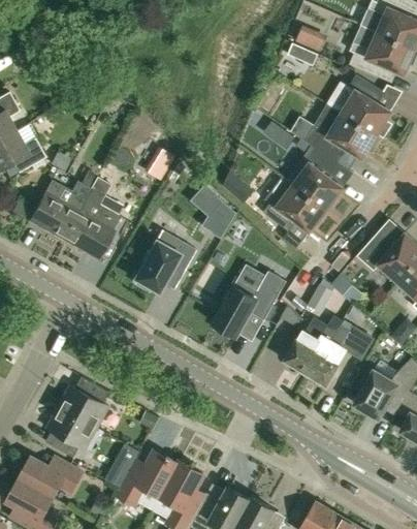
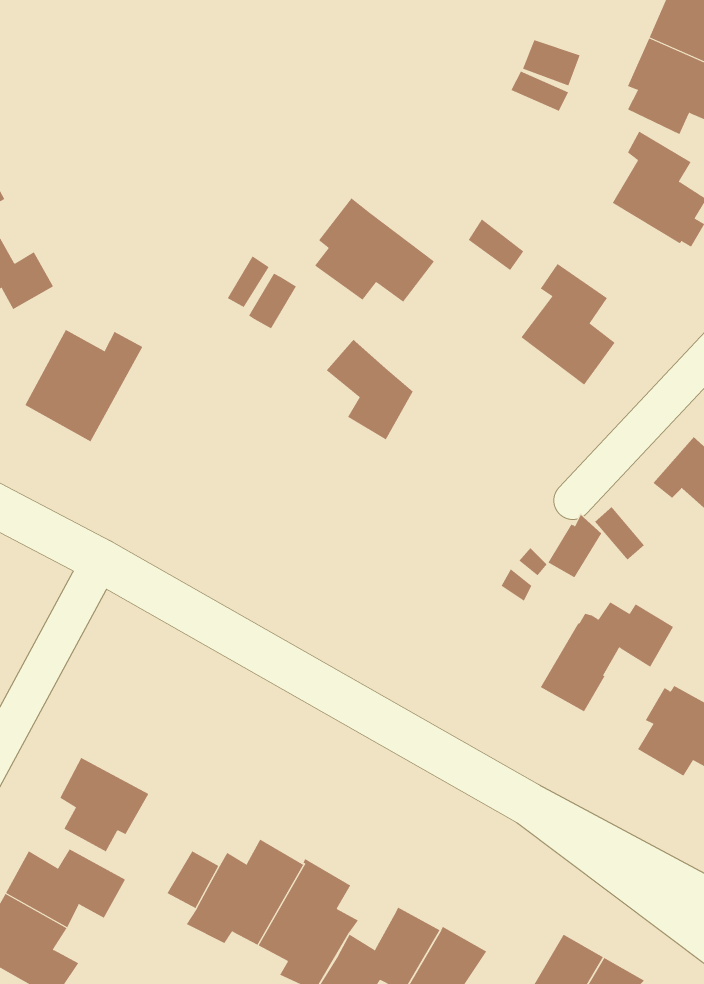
building: [312,103,377,163] -> none
building: [64,163,120,258] -> none
building: [262,176,326,231] -> [314,197,435,302]
building: [133,230,195,291] -> none
building: [213,264,286,338] -> none
building: [285,316,342,371] -> none
building: [59,380,107,427] -> none

